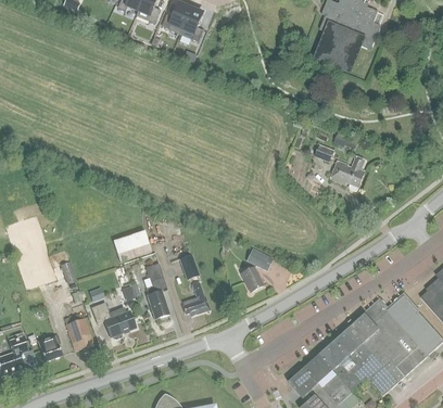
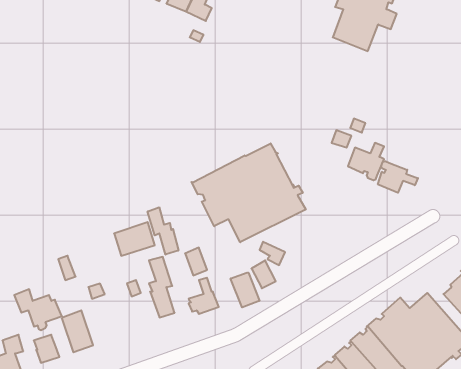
building: none -> [191,143,306,242]
building: none -> [378,161,418,193]
building: none -> [148,207,178,255]
building: none -> [231,273,259,307]
building: [91,301,136,339] -> [14,289,62,330]

